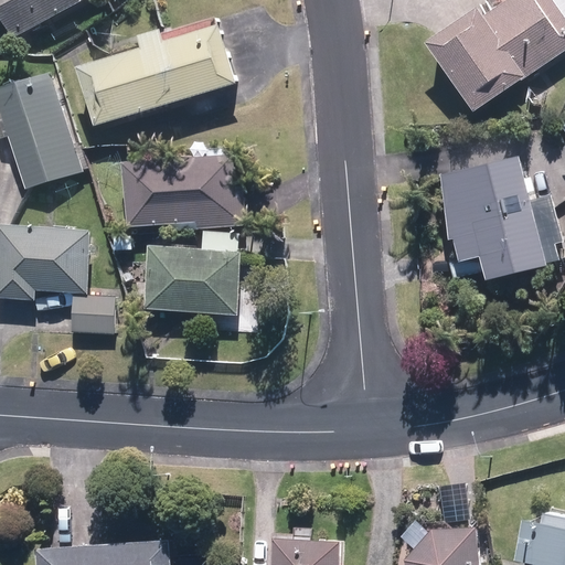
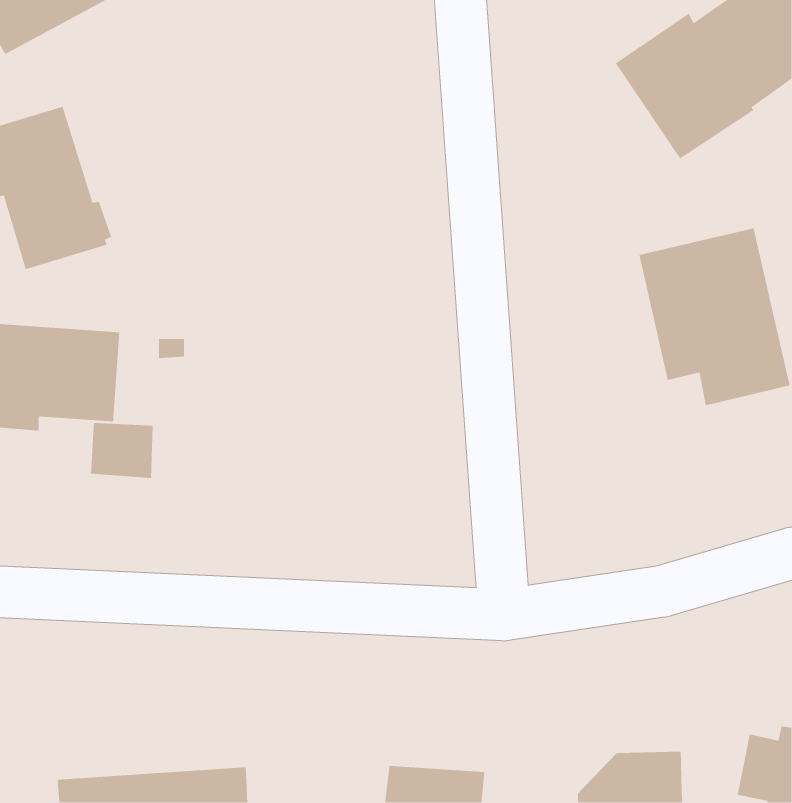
building: [81,26,238,128] -> none
building: [122,158,244,228] -> none
building: [146,247,242,317] -> none

